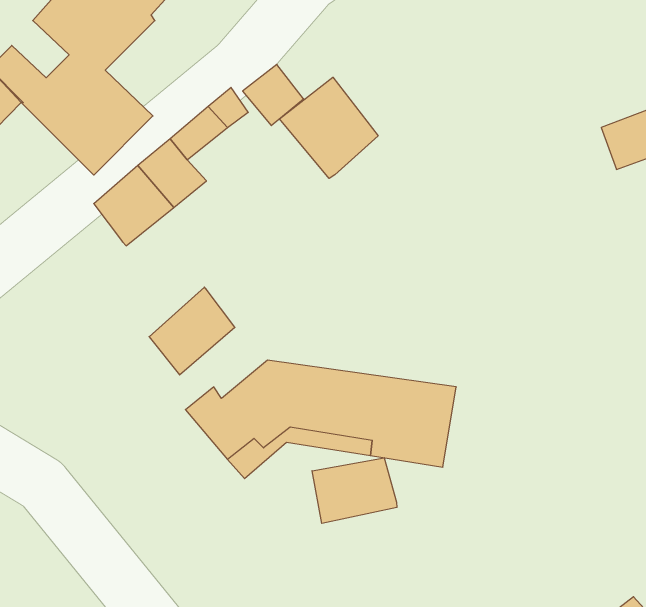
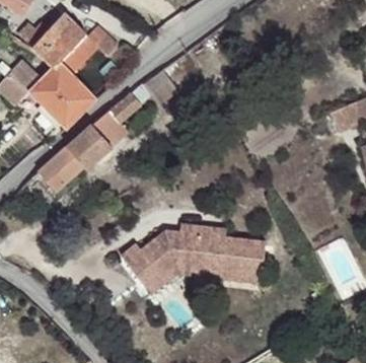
building: [279,77,378,178] -> none
building: [149,287,235,375] -> [38,145,83,192]
building: [312,458,397,523] -> none

